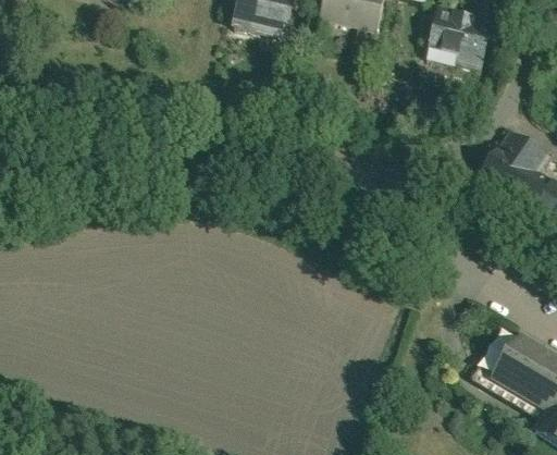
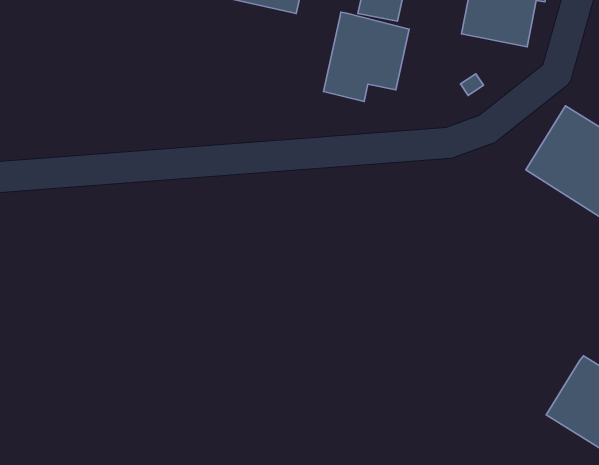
building: none -> [323,12,409,102]
building: [480,327,525,379] -> none

